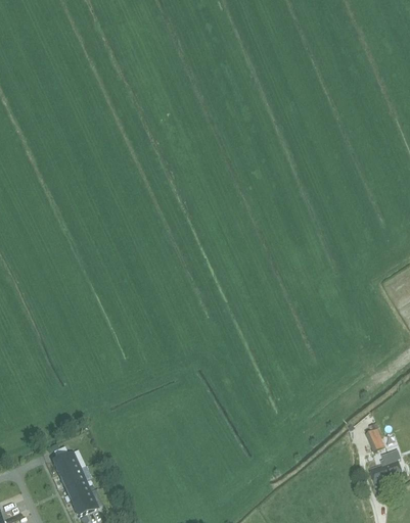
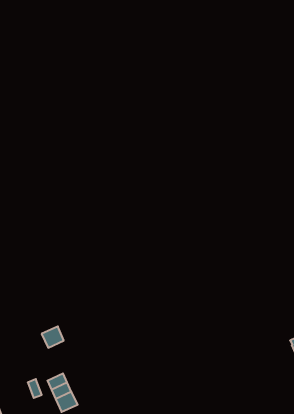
building: [52,448,80,475] -> [42,326,64,348]

